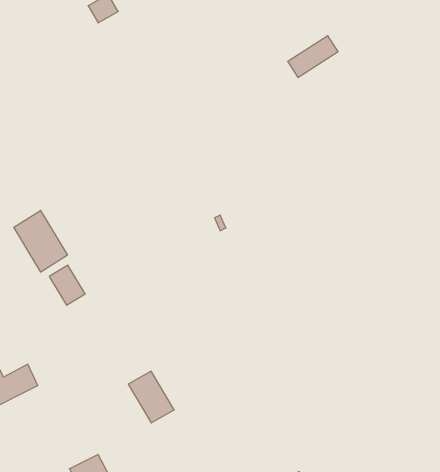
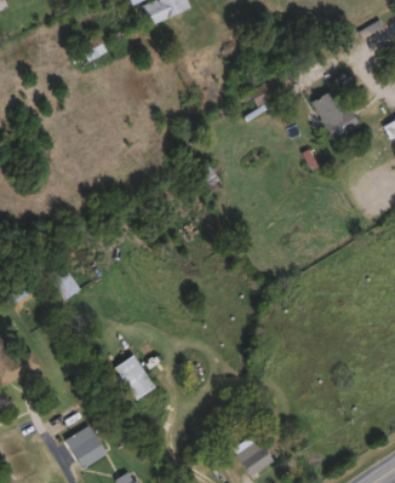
building: none -> [310,90,361,143]
building: [14,210,67,272] -> none

